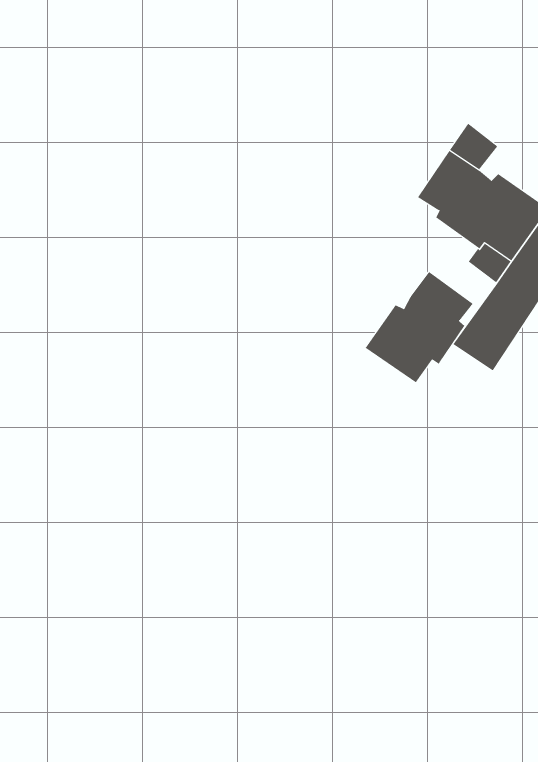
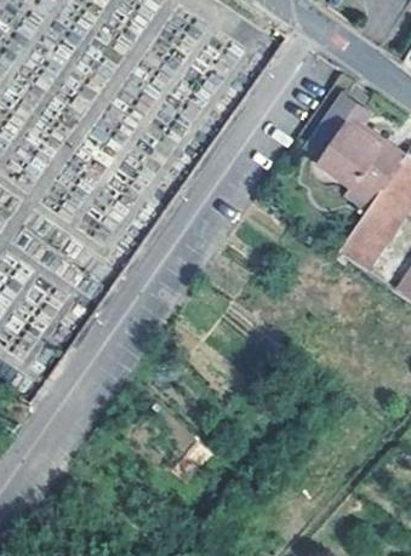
building: [365,271,474,383] -> none

